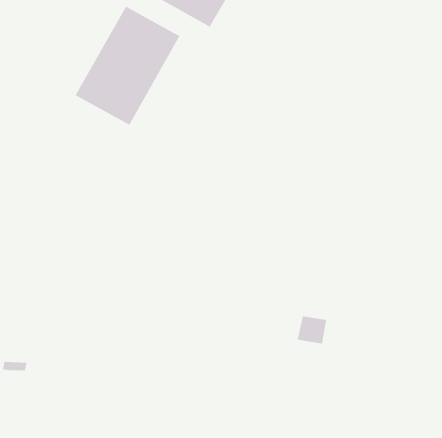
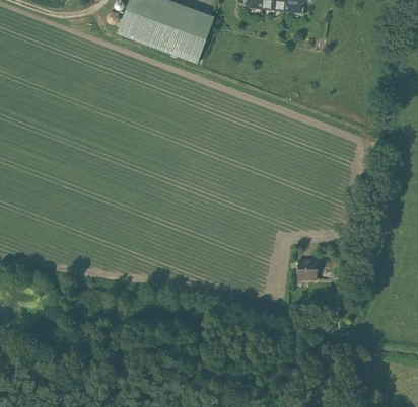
building: [75,6,180,126] -> none

